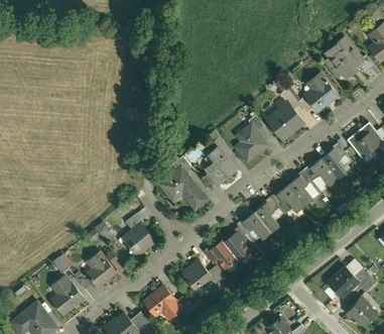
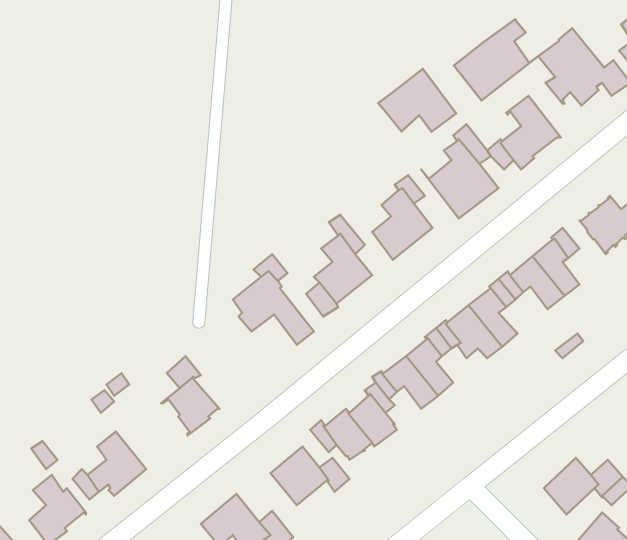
building: none -> [454,19,541,100]
building: none -> [378,69,456,132]

